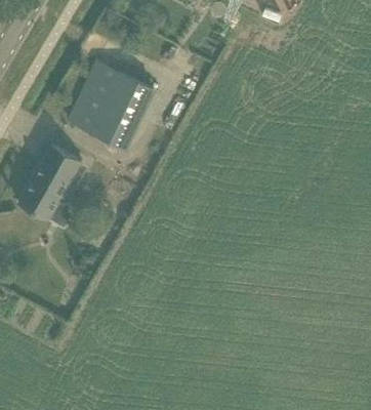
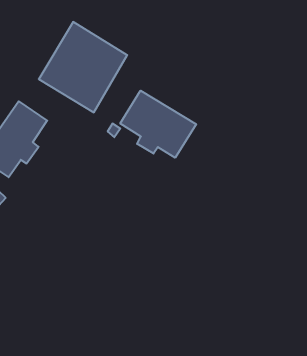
building: none -> [120,91,196,158]

